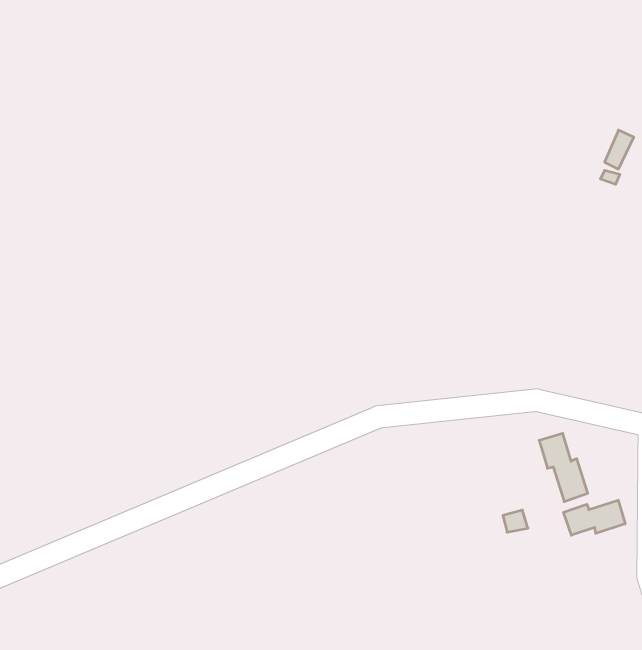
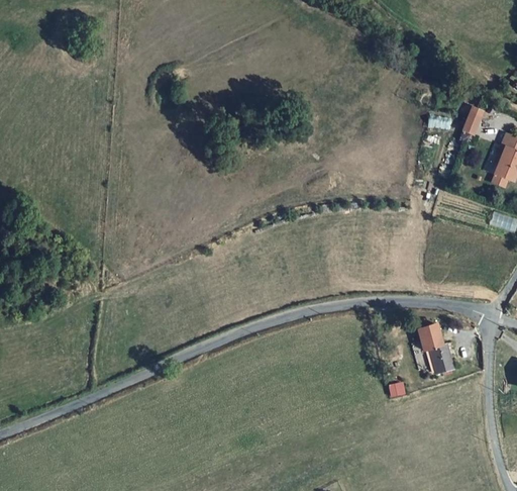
building: [564,500,625,535] -> none

